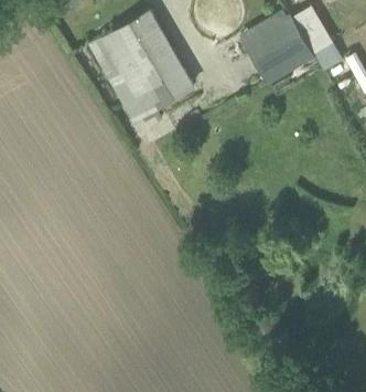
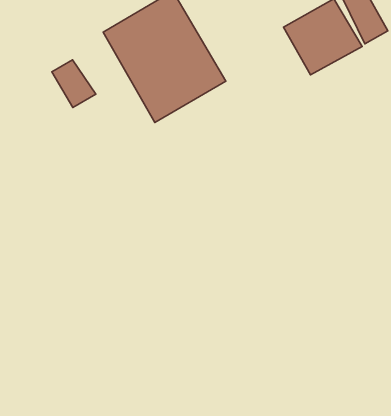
building: none -> [52,60,96,108]

